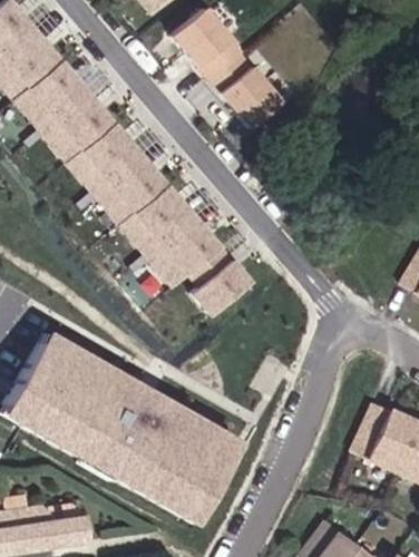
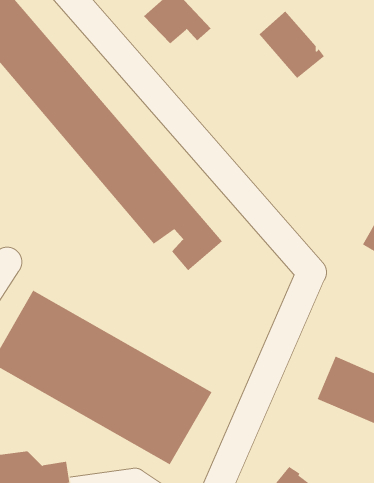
building: [212,56,283,129] -> [259,11,325,79]

